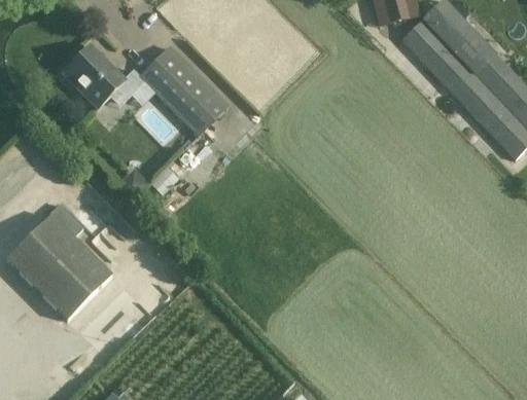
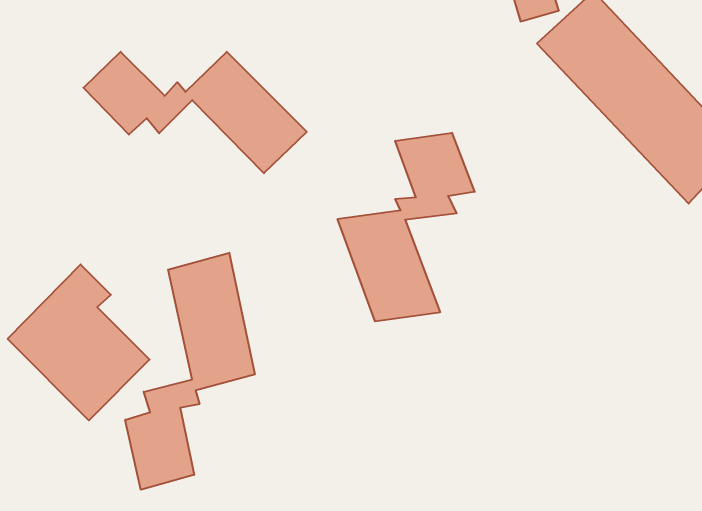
building: none -> [338,133,475,321]
building: none -> [125,253,255,490]

